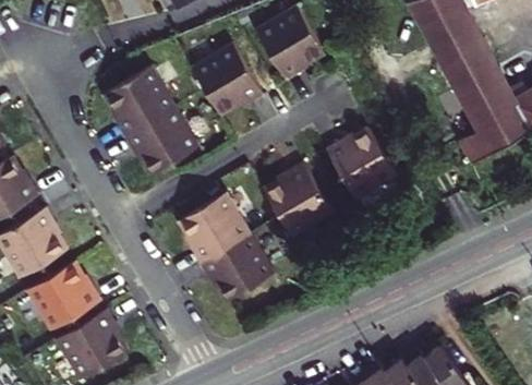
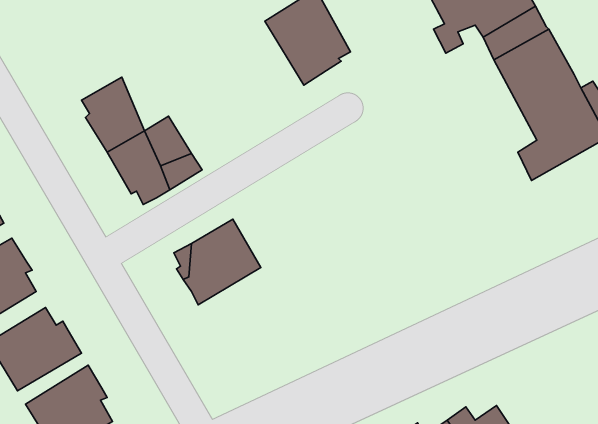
building: [192,45,263,119] -> none
building: [137,68,176,120] -> none
building: [323,128,392,200] -> none
building: [264,160,335,239] -> none
building: [200,231,276,300] -> none

